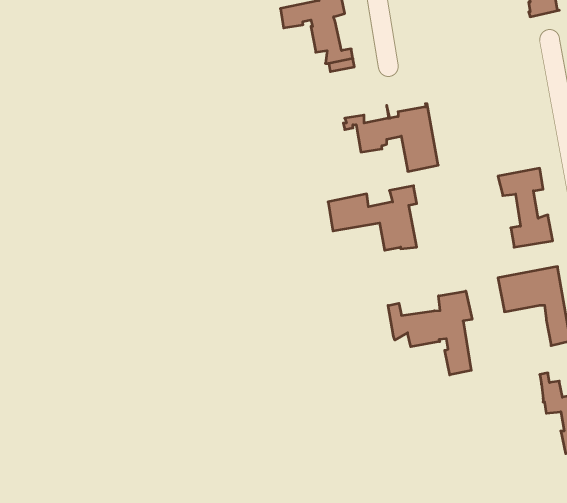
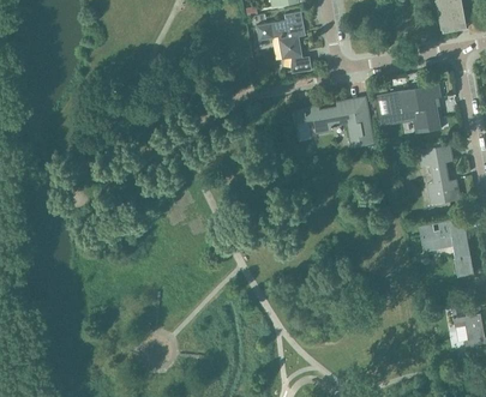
building: [328,186,417,250] -> [376,84,442,132]
building: [388,291,472,375] -> none

